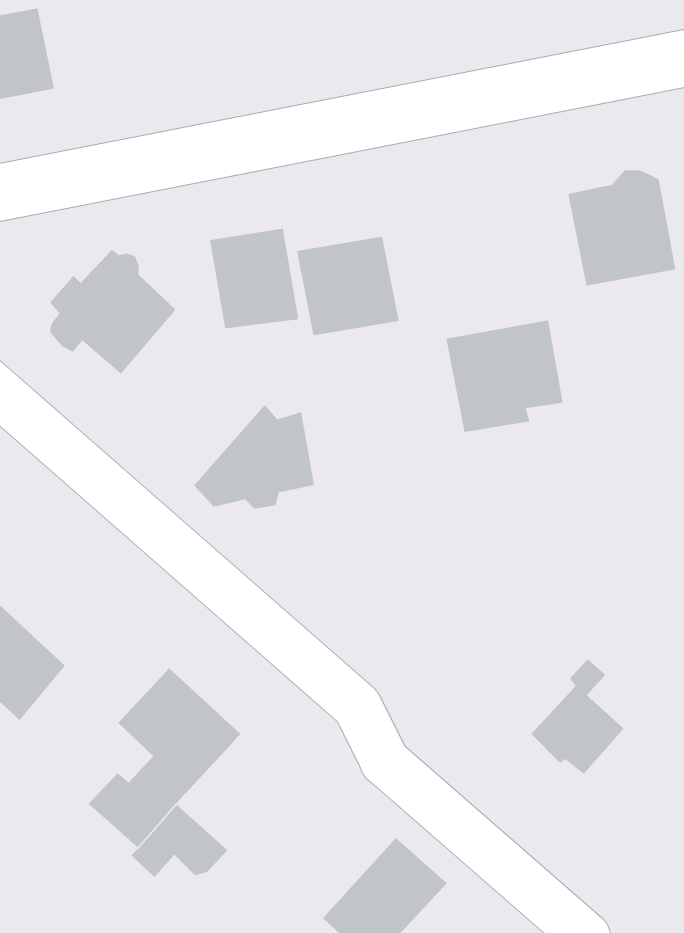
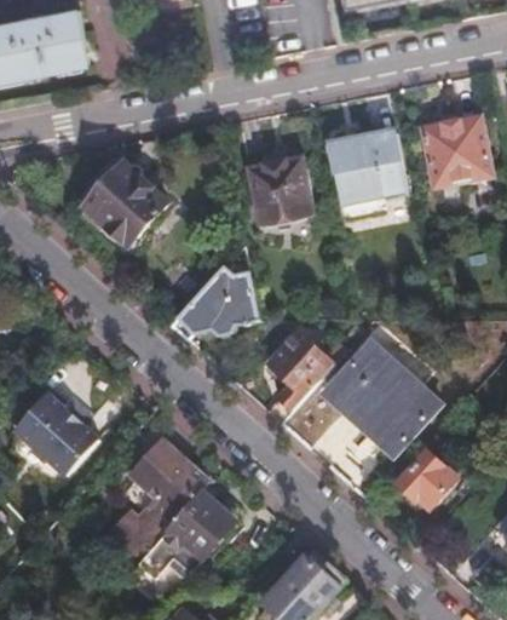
building: [210,228,299,329] -> none
building: [446,320,564,432] -> [328,133,405,207]
building: none -> [267,333,346,423]
building: none -> [330,343,440,457]
building: none -> [166,494,234,559]

